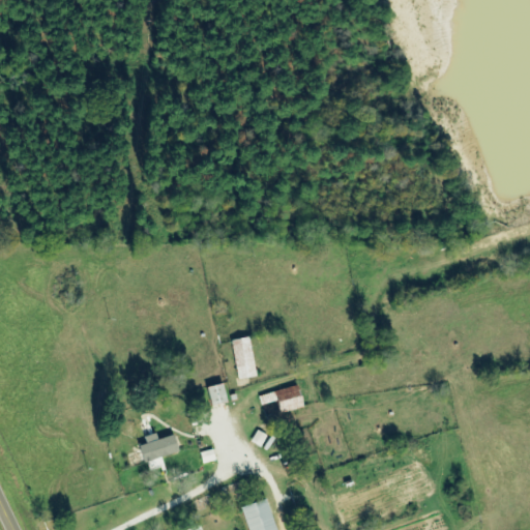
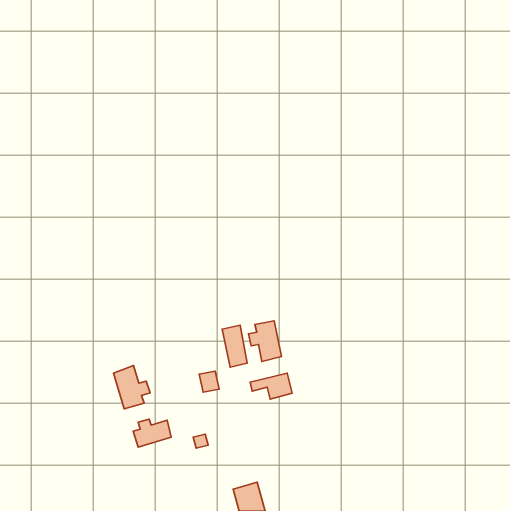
building: none -> [248,321,282,362]
building: none -> [113,366,150,409]

